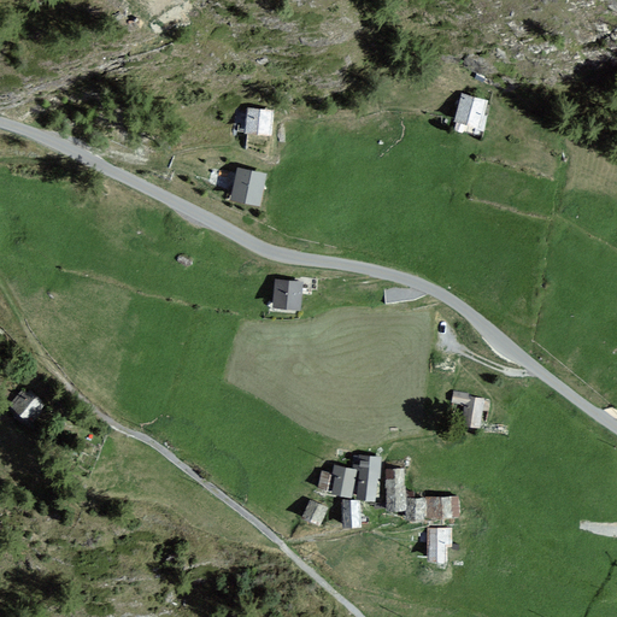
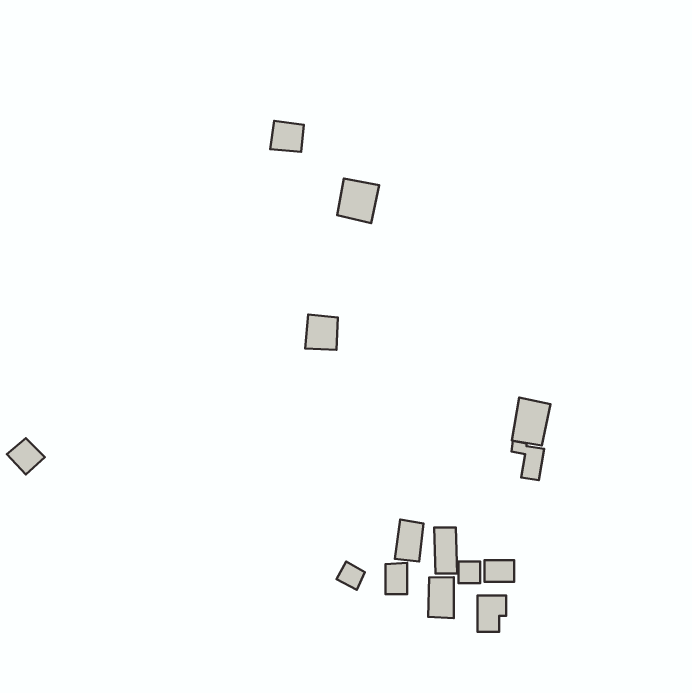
building: [452,94,486,130] -> none
building: [229,168,266,207] -> [337,178,379,223]
building: none -> [512,397,550,445]
building: [325,465,354,496] -> none
building: none -> [428,577,454,618]

